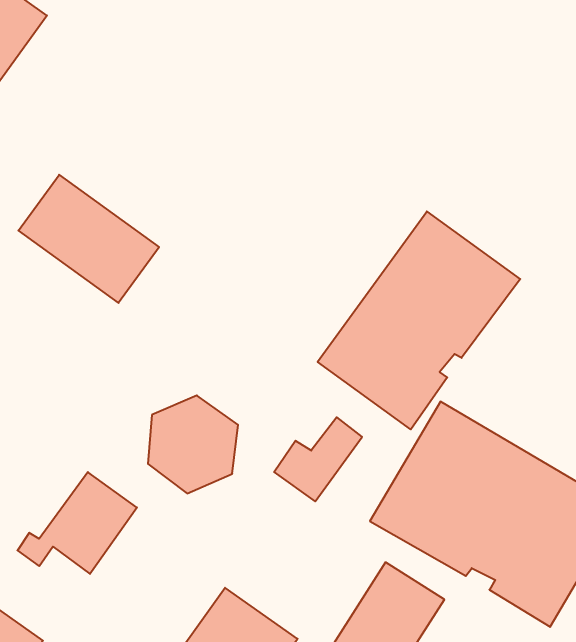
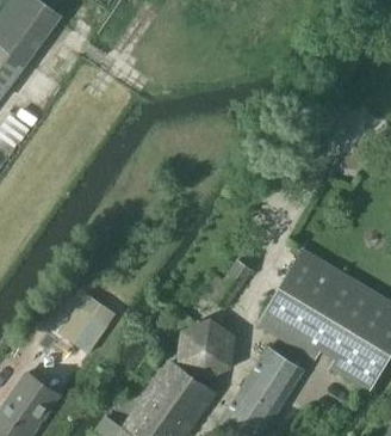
building: [18,175,159,303] -> none
building: [318,211,520,429] -> none
building: [148,395,238,493] -> [180,319,235,379]

